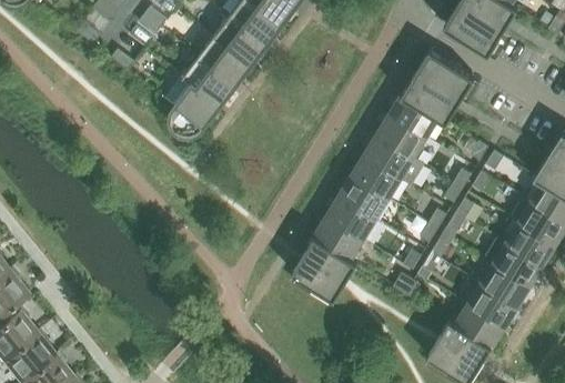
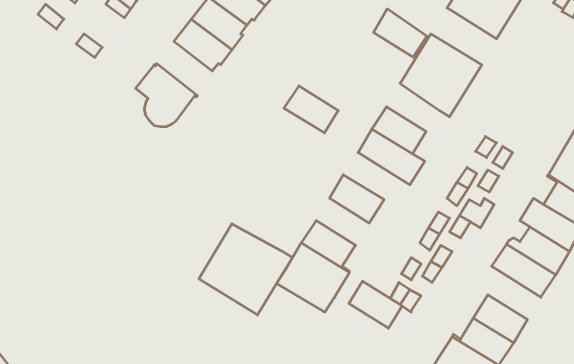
building: [183,56,233,104] -> none
building: [390,93,437,137] -> [374,9,427,57]
building: [351,155,400,198] -> [284,86,338,133]
building: [326,196,374,239] -> [349,281,402,328]
building: none -> [199,224,292,315]
building: [468,255,528,305] -> none

